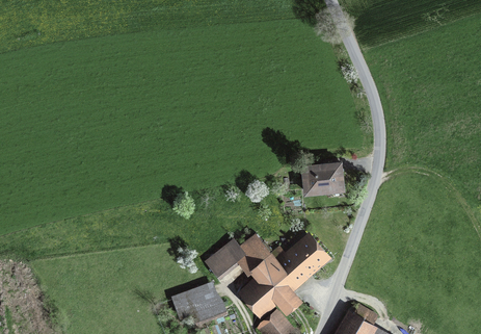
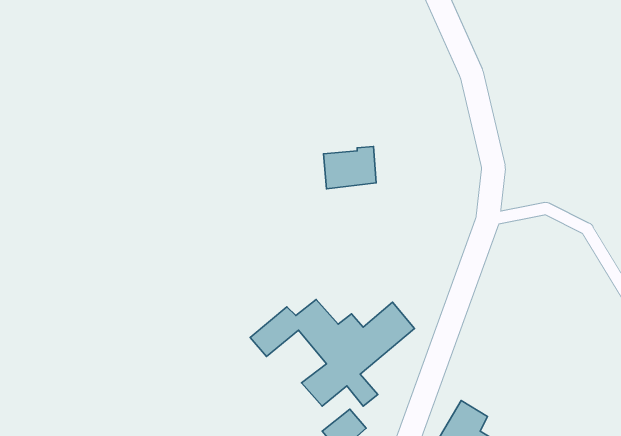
building: [303,162,341,192] -> [324,146,376,189]
building: [173,283,221,322] -> none

